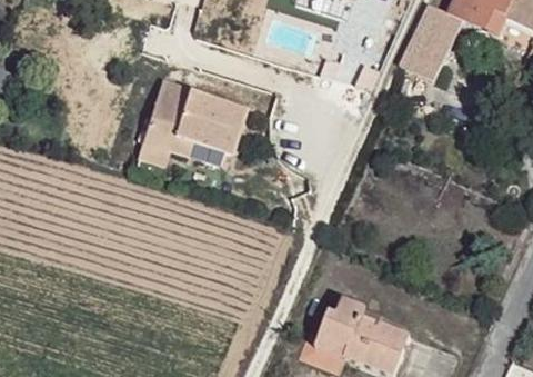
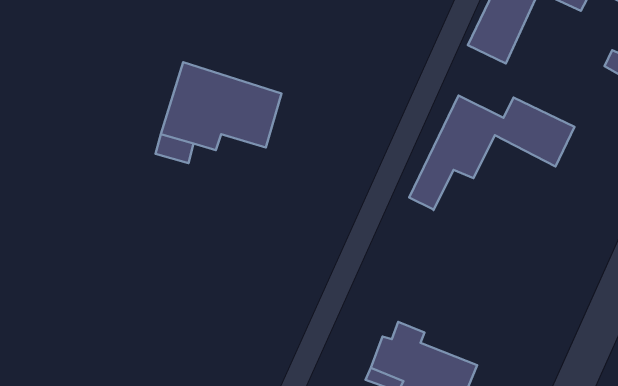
building: none -> [409,96,575,210]

